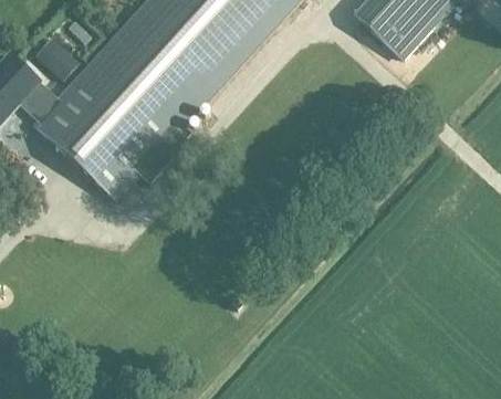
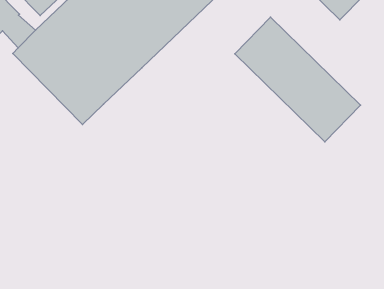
building: none -> [235,17,361,142]

